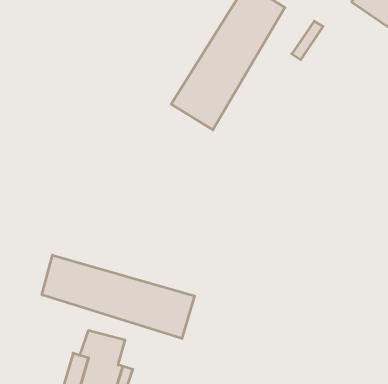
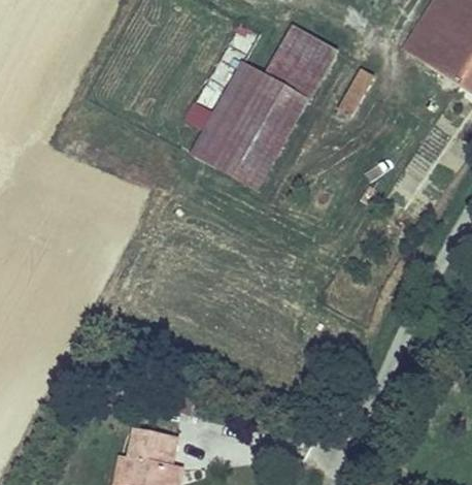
building: none -> [192,88,250,165]
building: [42,255,195,339] -> none

